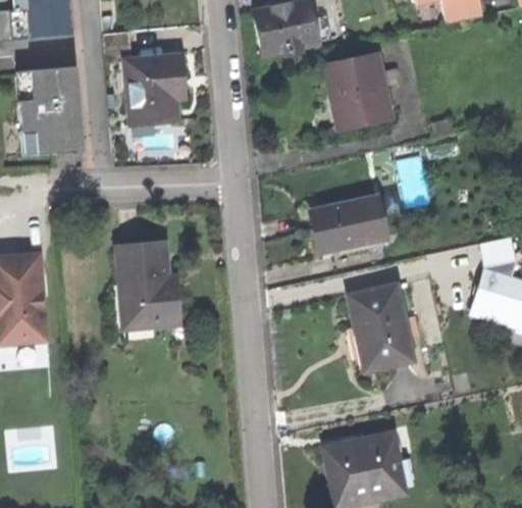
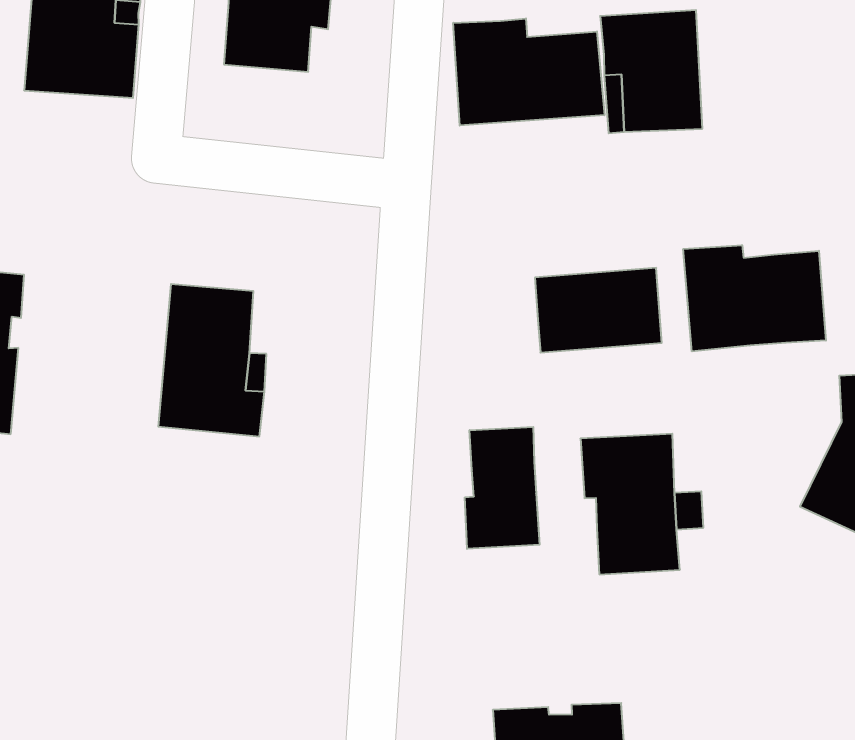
building: none -> [453,18,604,126]
building: none -> [683,245,826,351]
building: none -> [465,427,540,549]

